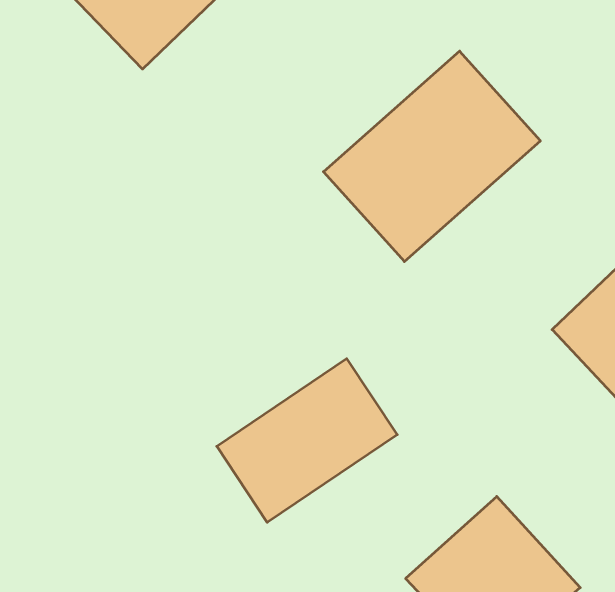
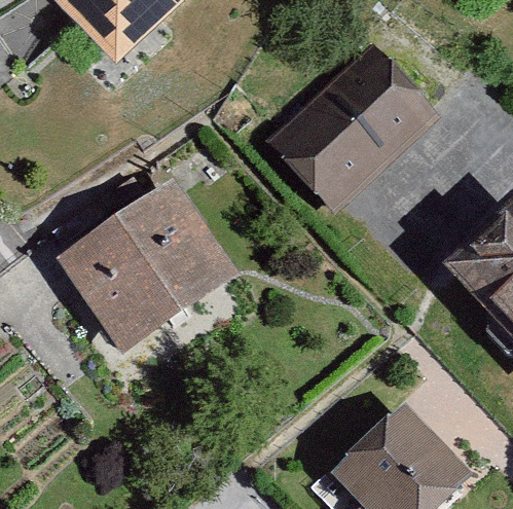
building: none -> [58,182,240,357]
building: [217,359,397,522] -> none

